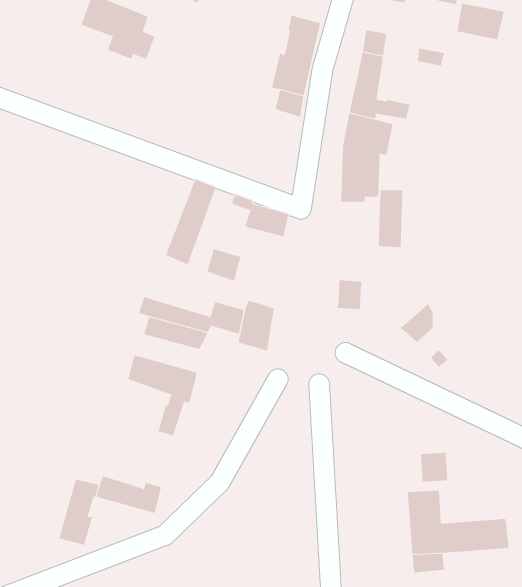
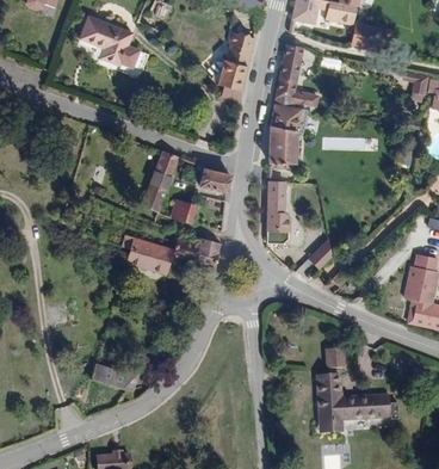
building: [378,190,403,248] -> [267,181,285,223]
building: [128,354,197,436] -> none
building: [58,479,99,546] -> none

